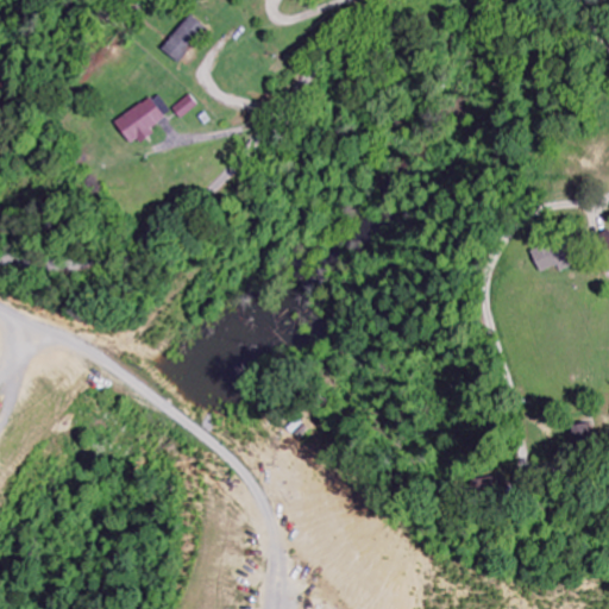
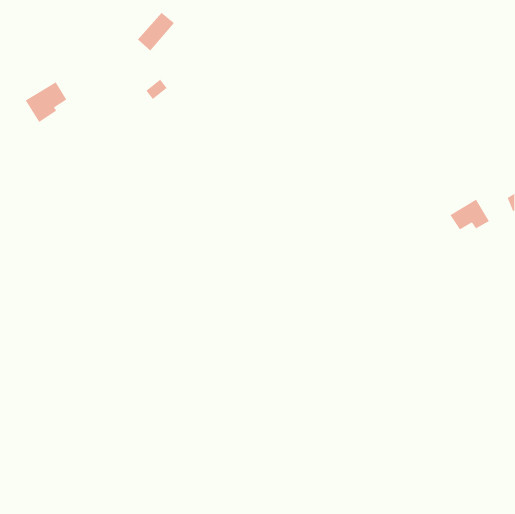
building: [113,96,163,145] -> [25,81,67,123]

